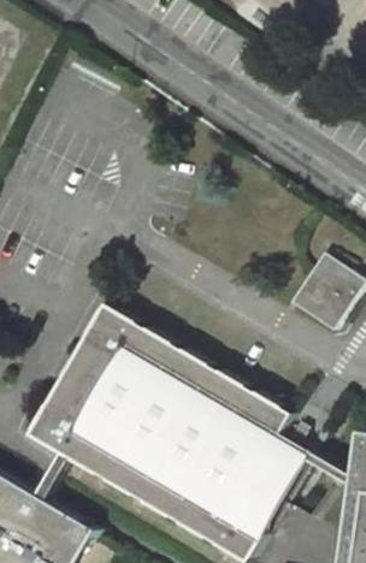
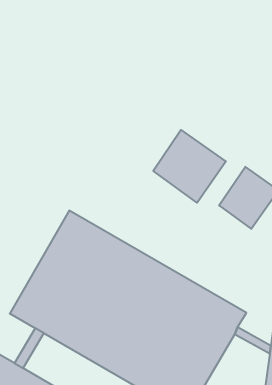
building: none -> [153,130,226,203]

